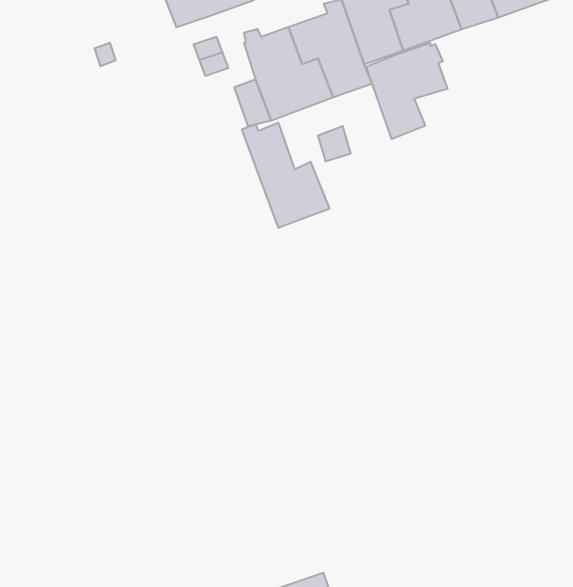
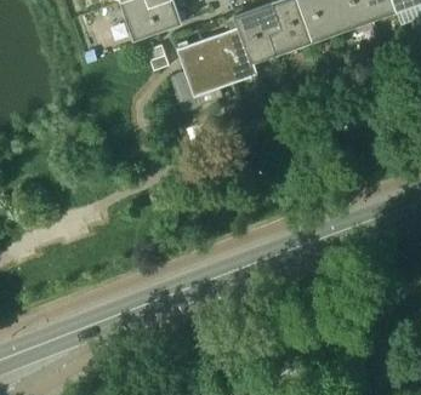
building: [366,43,448,139] -> none
building: [242,123,329,228] -> none

